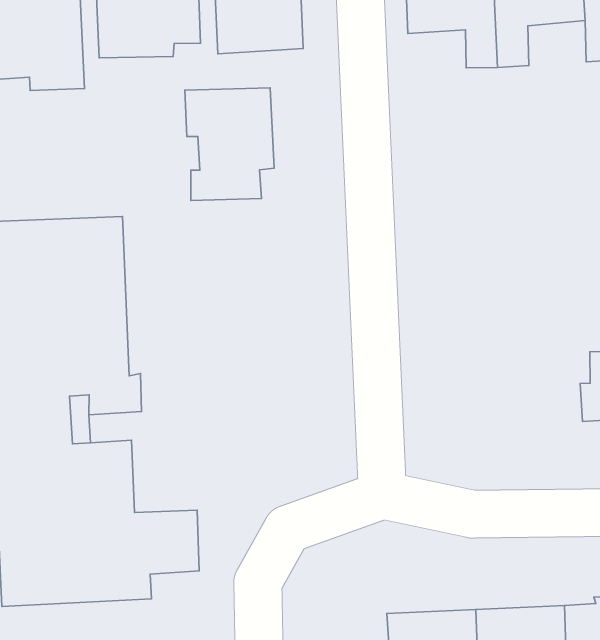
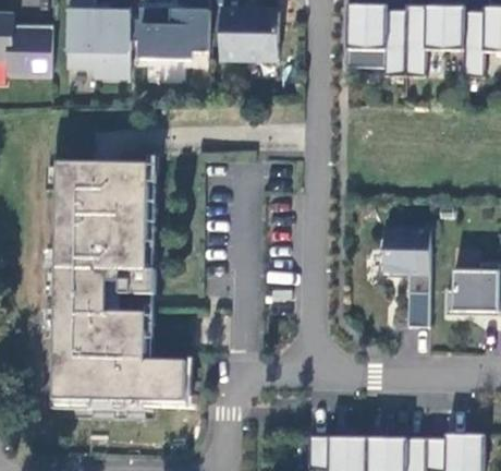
building: [185,88,274,201] -> none
building: none -> [382,228,429,326]

